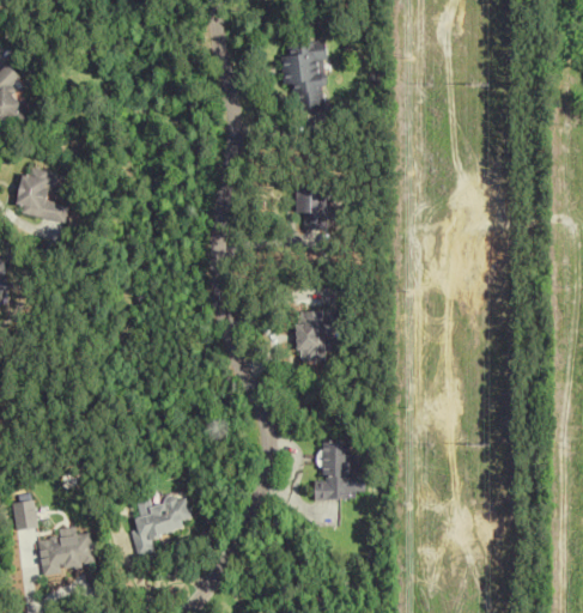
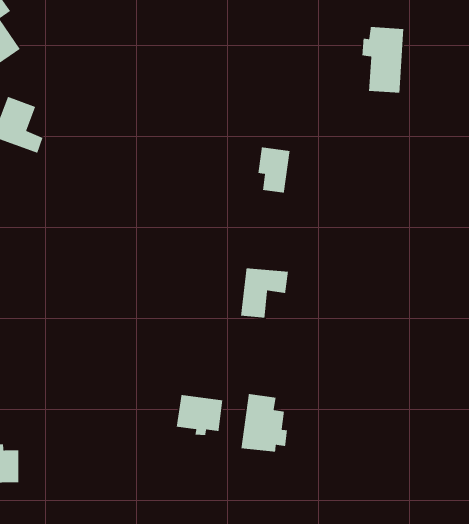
building: [279,40,326,110] -> [361,26,404,93]
building: none -> [176,394,223,436]
building: [127,497,189,556] -> none

